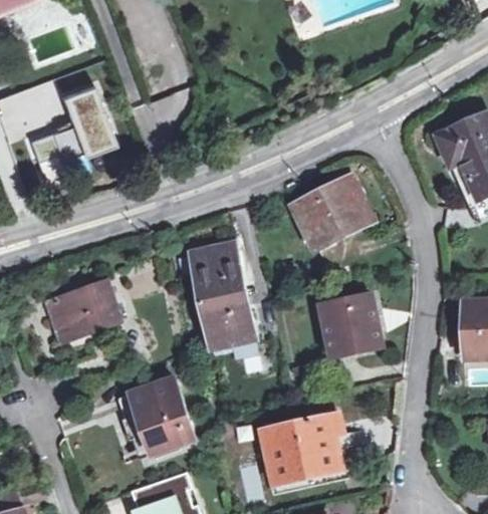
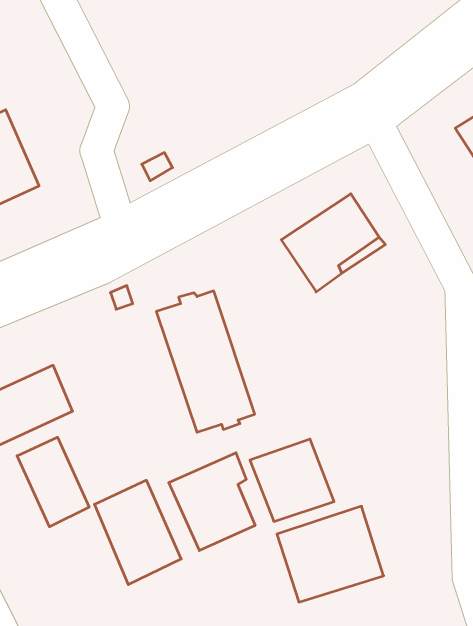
building: [323,294,384,353] -> [250,439,334,521]
building: none -> [17,437,89,527]
building: none -> [169,453,255,551]

